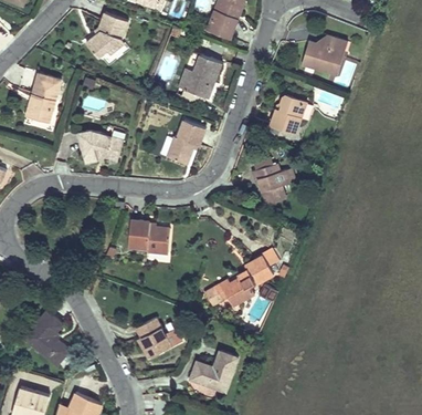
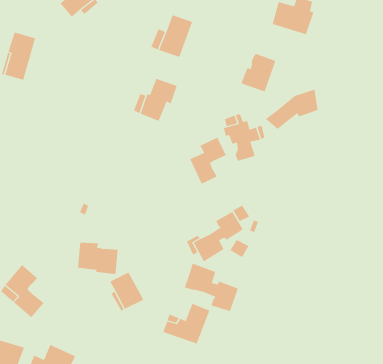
building: [78,129,123,163] -> none
building: none -> [265,89,318,130]
building: none -> [190,137,227,185]
building: [128,220,170,253] -> [77,242,118,274]
building: none -> [184,263,239,312]

